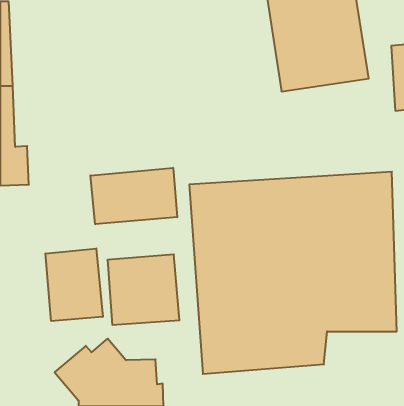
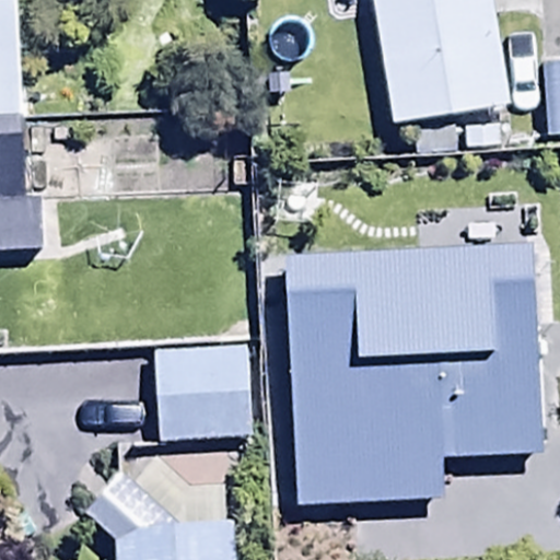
building: [90,168,177,224] -> none
building: [46,248,103,321] -> none

